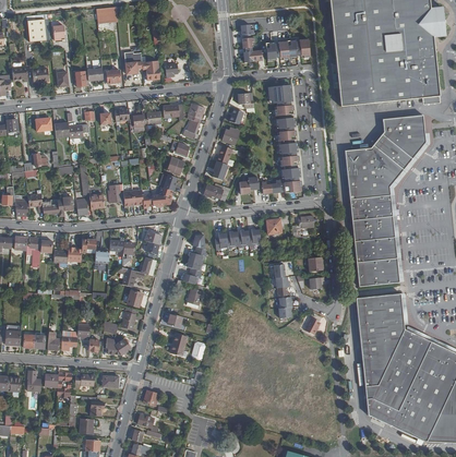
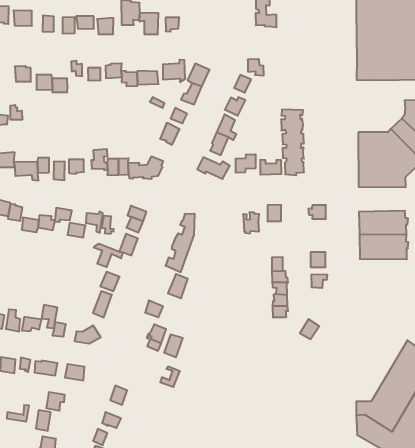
building: [266,41,311,62] -> none
building: [264,83,292,134] -> none
building: [347,193,392,218] -> none
building: [217,228,250,249] -> none
building: [353,256,398,282] -> none
building: [353,292,401,385] -> none

